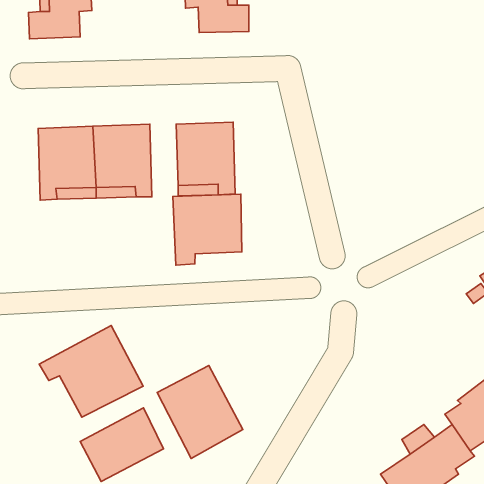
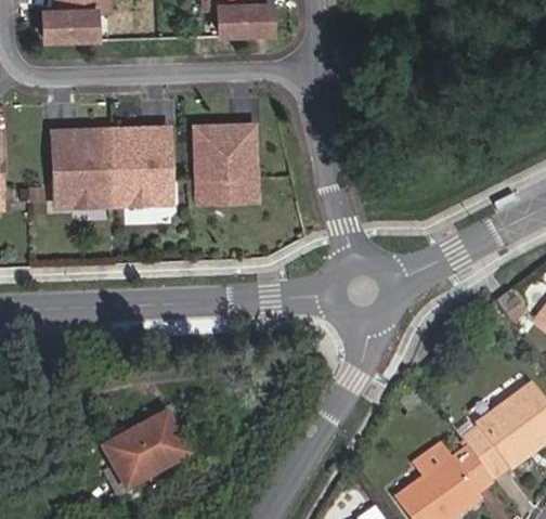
building: [173,194,242,265] -> none
building: [39,326,143,417] -> none
building: [157,365,243,458] -> none

